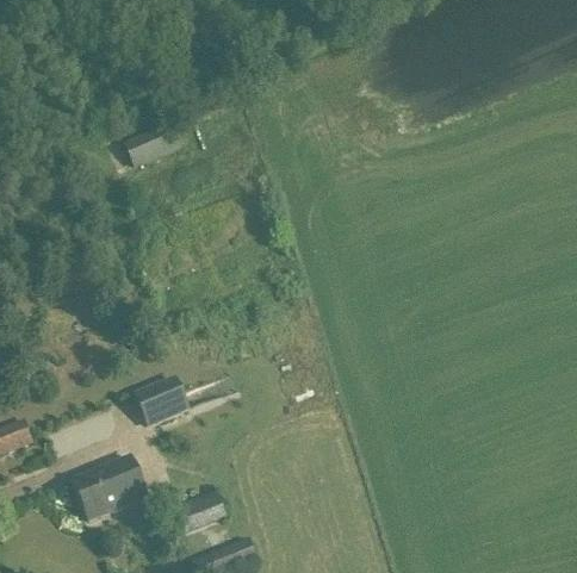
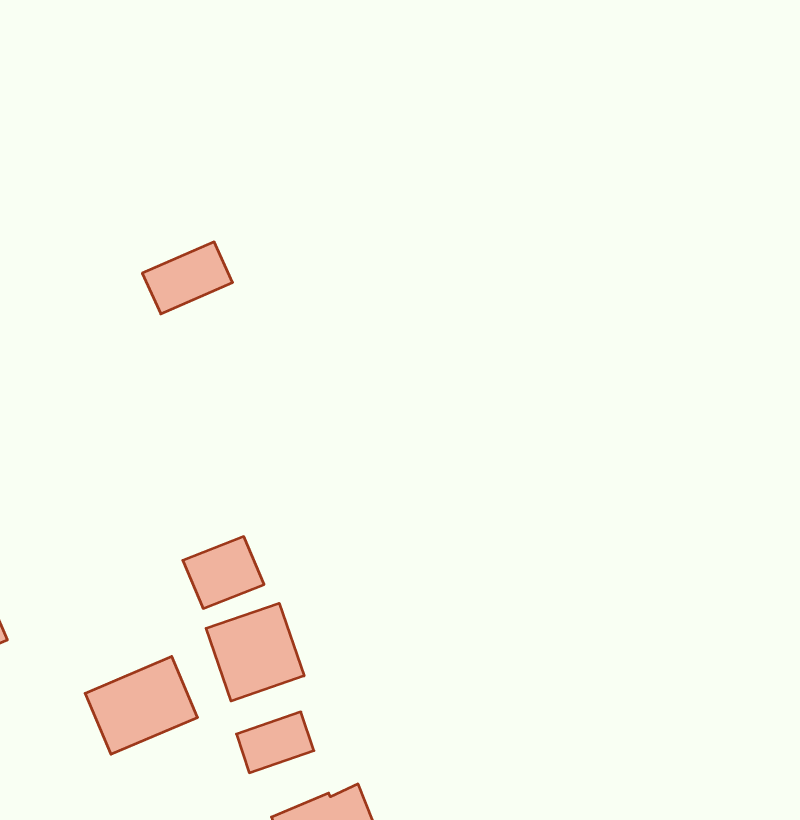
building: [124,123,182,169] -> [142,242,233,314]
building: none -> [206,603,304,701]

